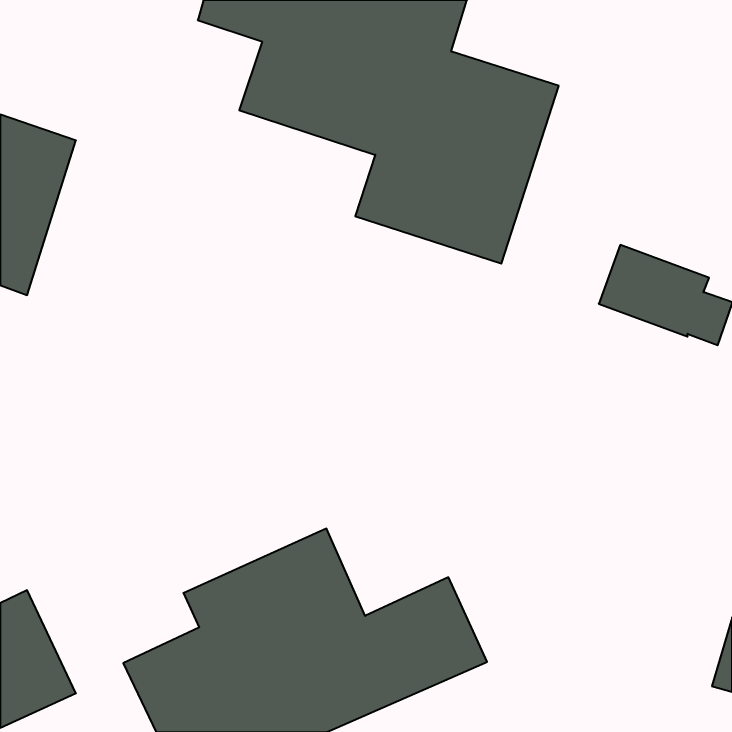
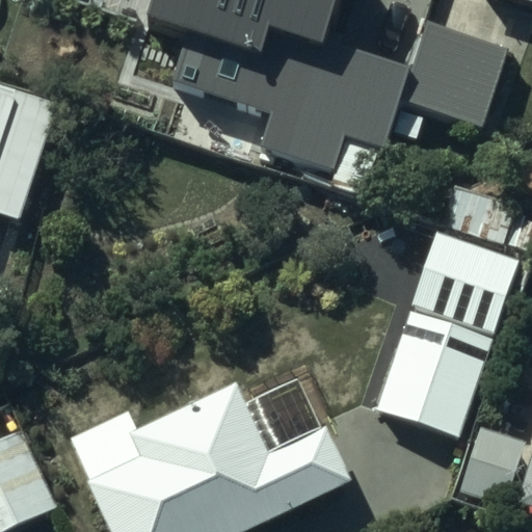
building: none -> [402,22,508,125]
building: none -> [375,230,518,433]

